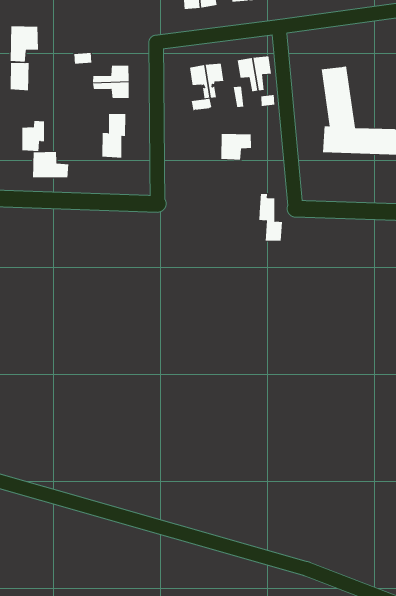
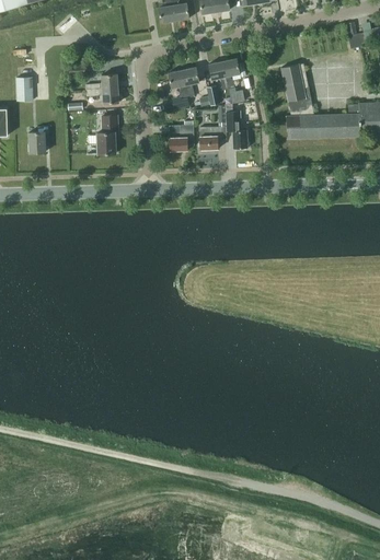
building: [10,26,38,63] -> none
building: none -> [169,125,193,151]
building: [33,151,69,178] -> none
building: [258,193,283,241] -> [226,107,246,148]

